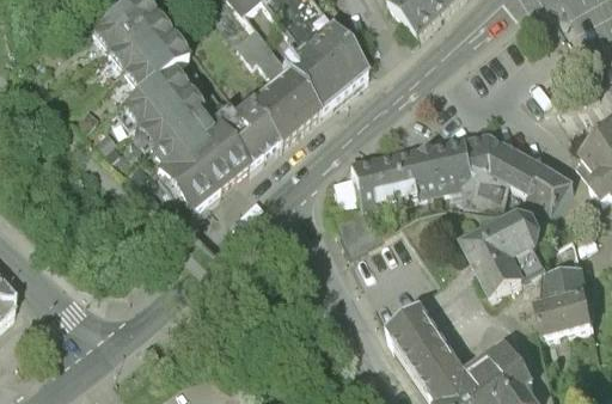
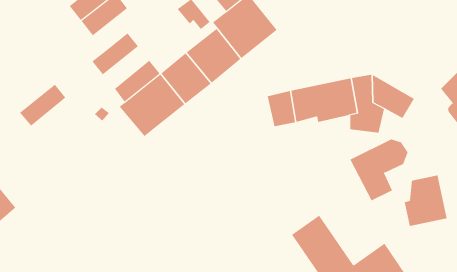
building: [124,42,186,98] -> none
building: [137,92,200,148] -> [19,84,66,126]
building: [528,161,573,210] -> none

